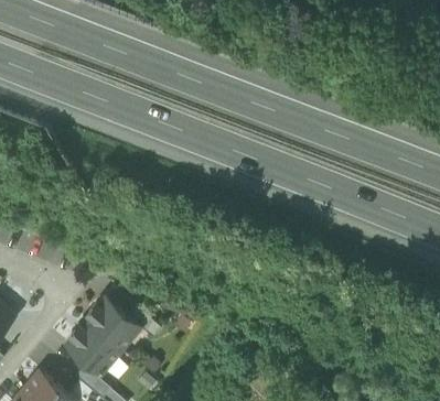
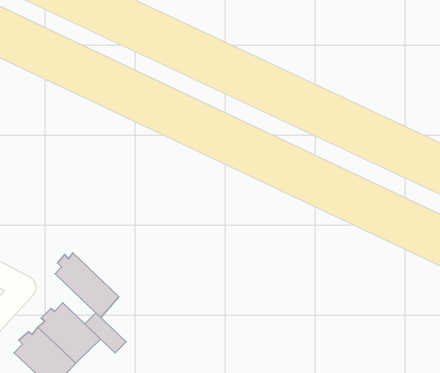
building: none -> [55,253,119,318]

